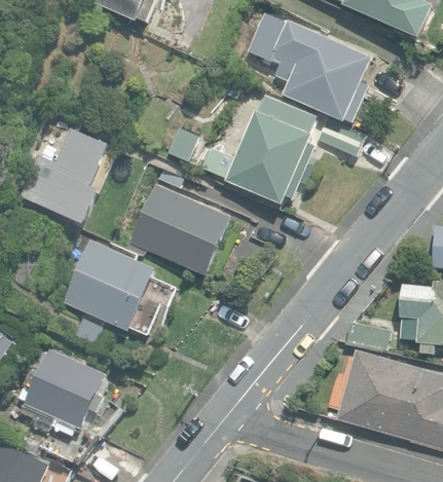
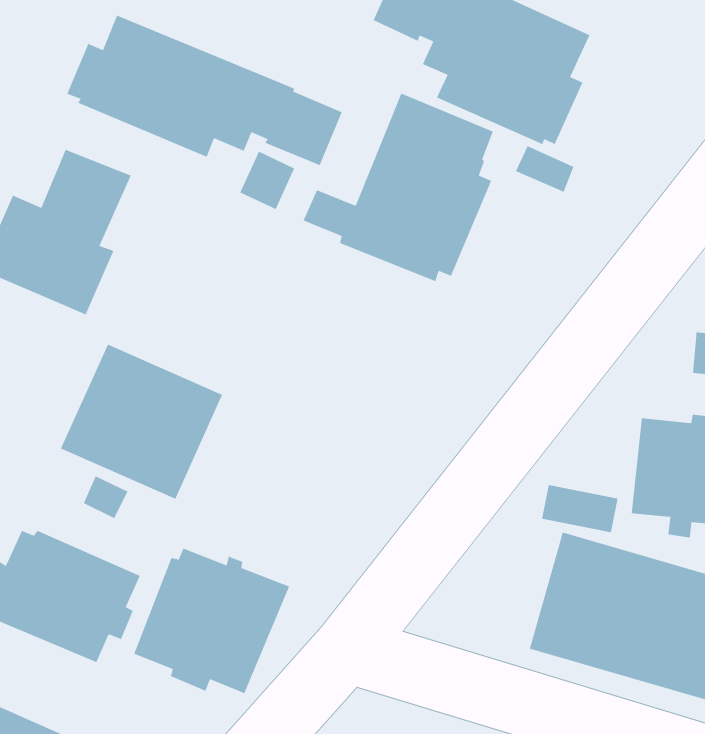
building: none -> [66,15,343,166]
building: [127,182,231,275] -> none
building: none -> [133,548,290,694]

